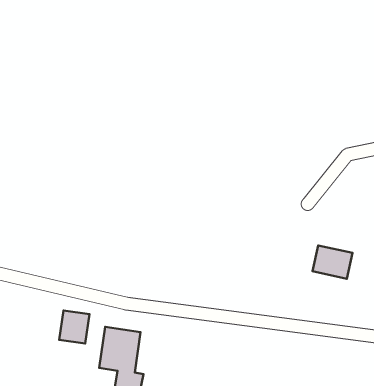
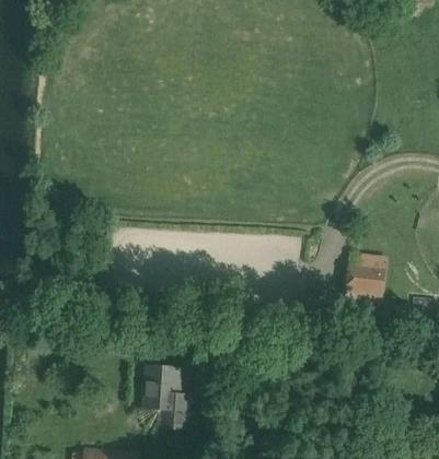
building: [59,310,89,344] -> none

